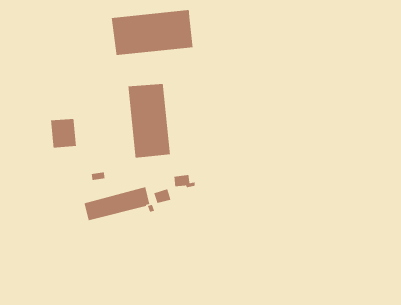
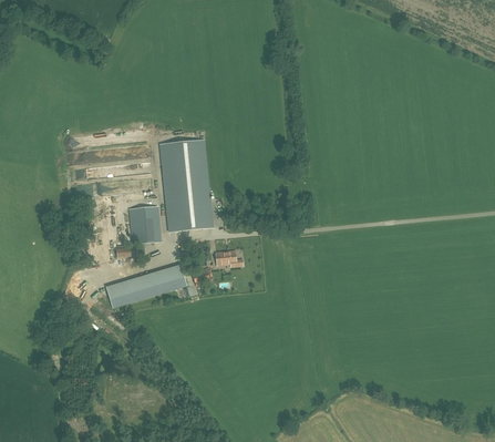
building: [111,9,194,56] -> none
building: [50,118,77,148] -> [128,206,161,243]

